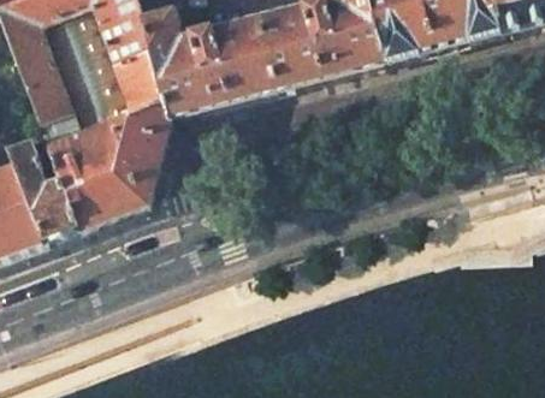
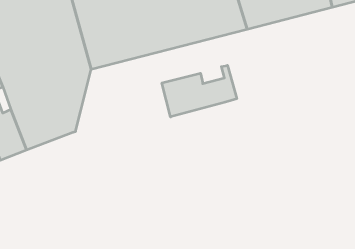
building: none -> [162,65,237,117]

